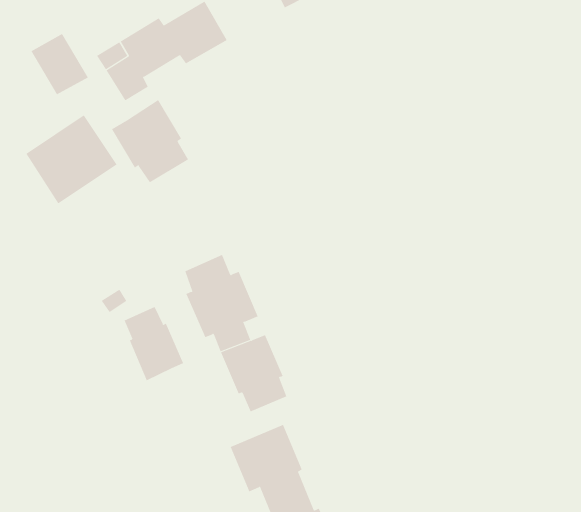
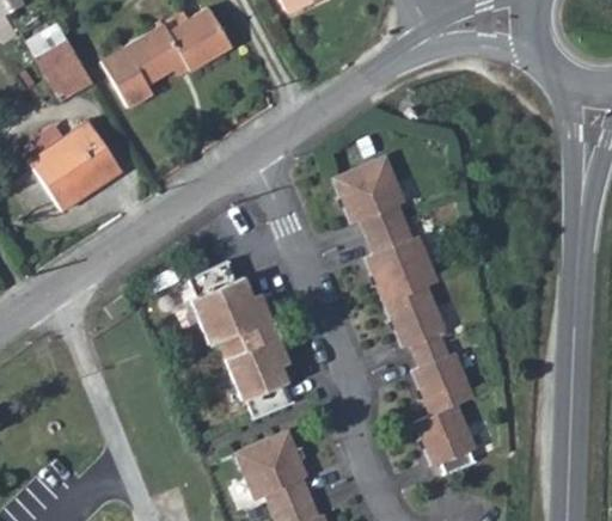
building: [111,99,189,183] -> none
building: none -> [332,155,476,474]
building: [124,306,184,381] -> none

